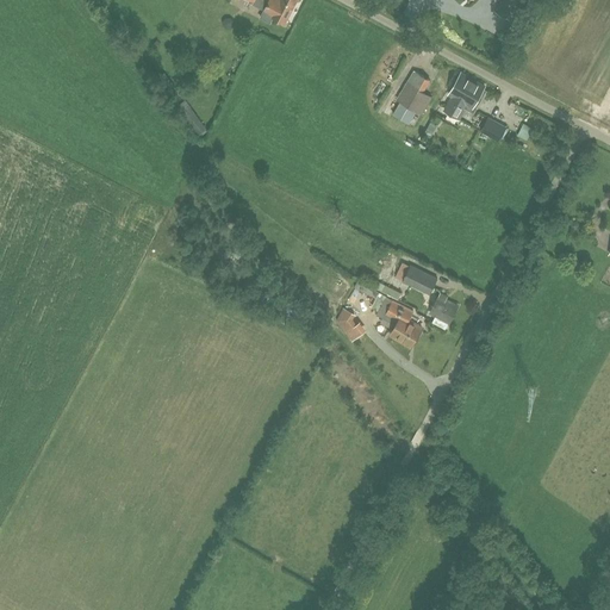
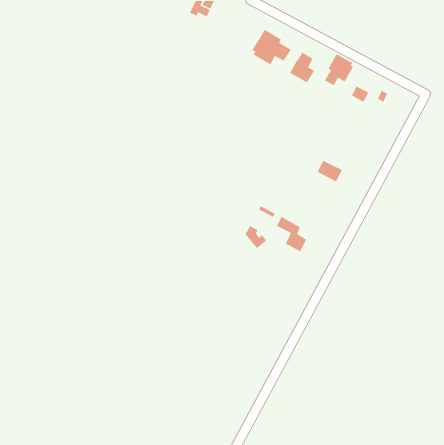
building: none -> [251,29,292,65]
building: [402,264,437,295] -> [317,160,343,182]
building: [429,293,458,329] -> none

